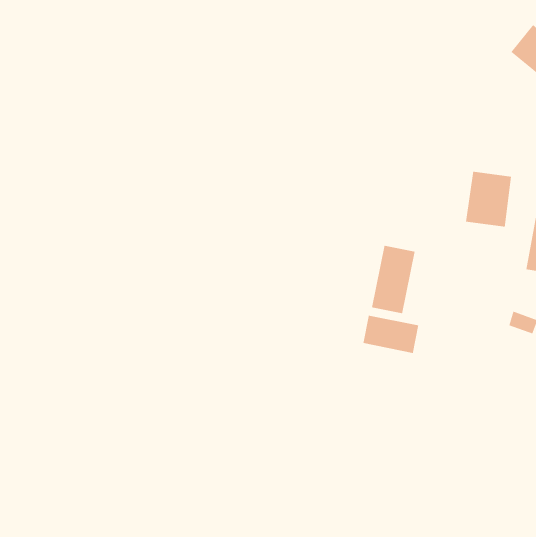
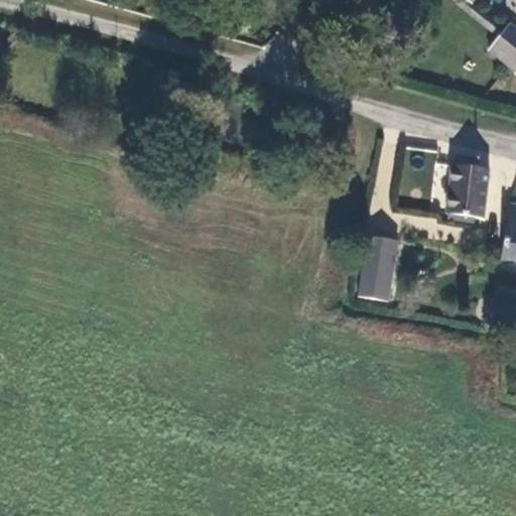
building: [363,315,419,354] -> none

